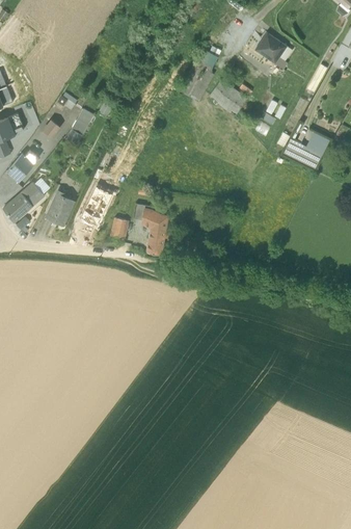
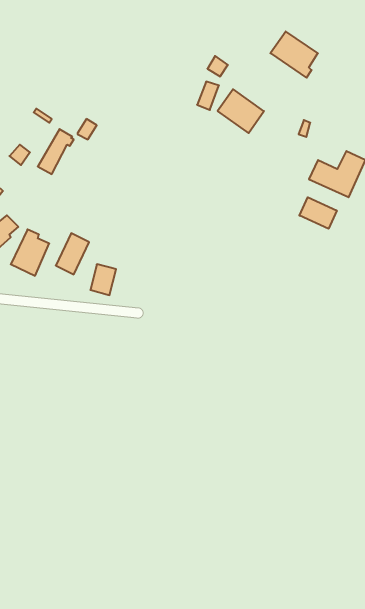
building: none -> [299,197,337,229]
building: [133,205,169,253] -> none

